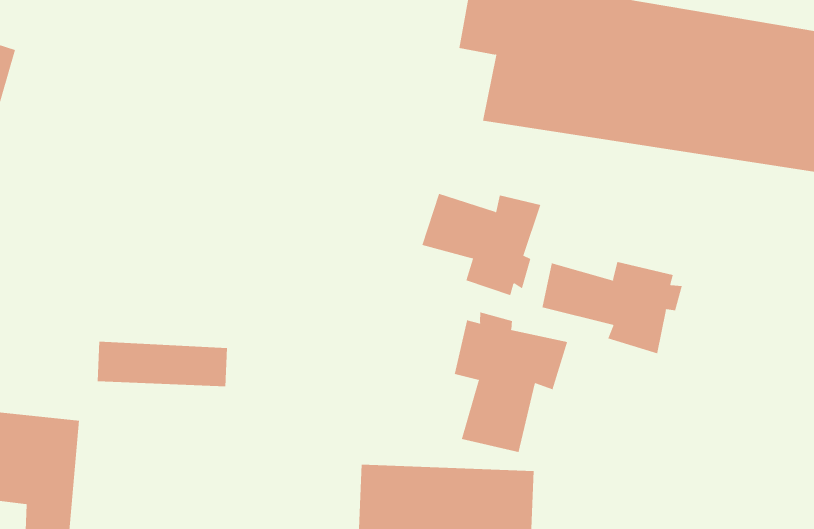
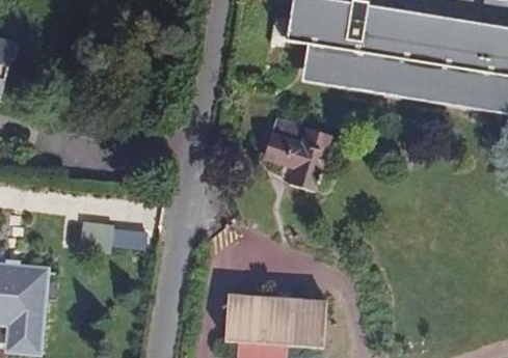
building: [542,261,683,354] -> none
building: [454,311,568,453] -> none

